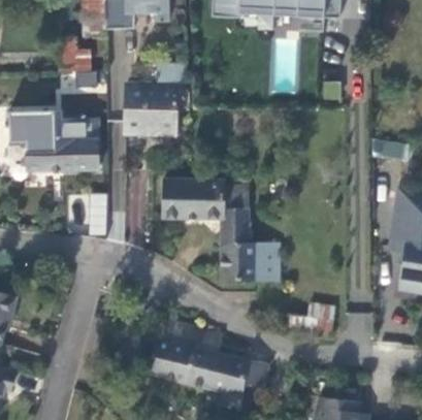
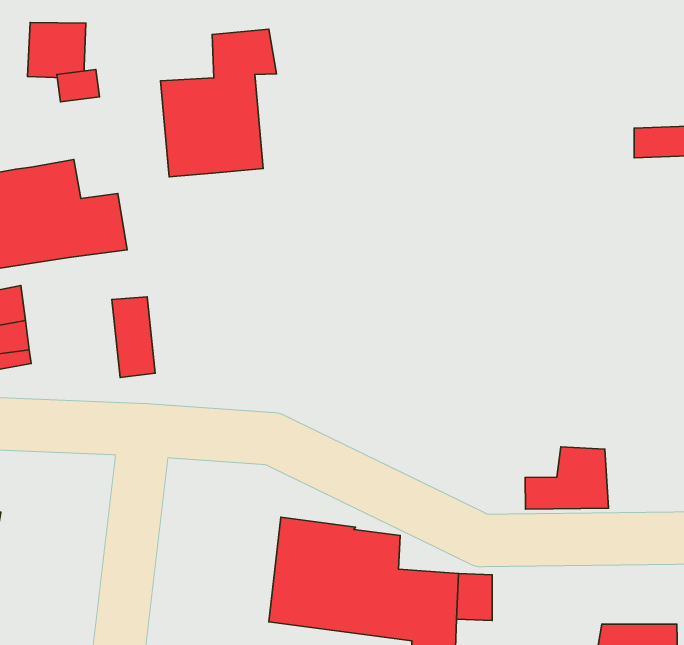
building: [163,180,279,280] -> none

